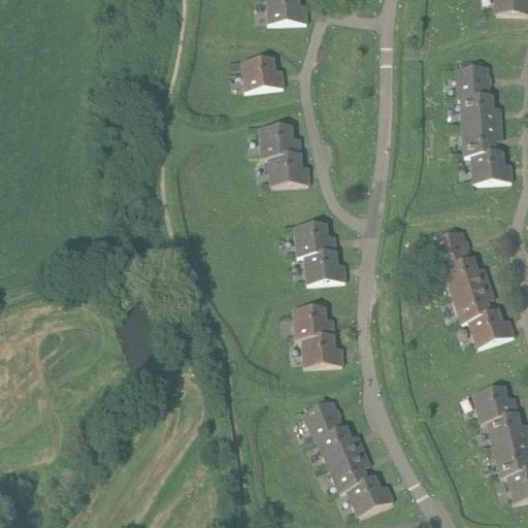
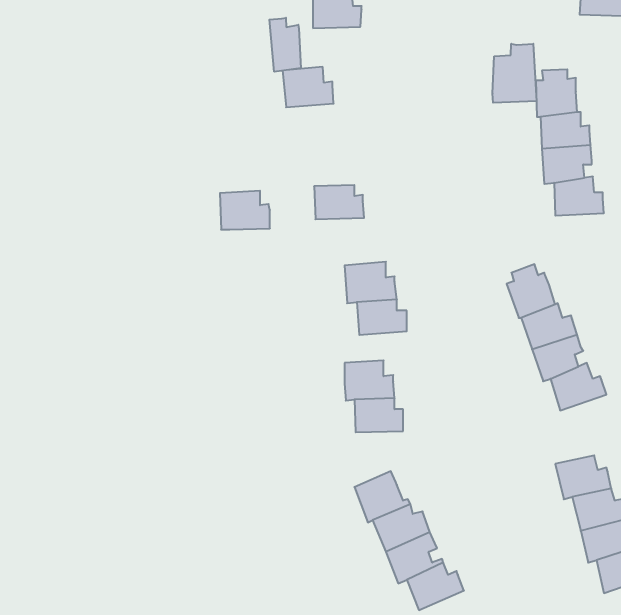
building: none -> [269,18,301,72]
building: none -> [493,44,536,103]
building: [259,125,301,158] -> [220,191,270,230]

